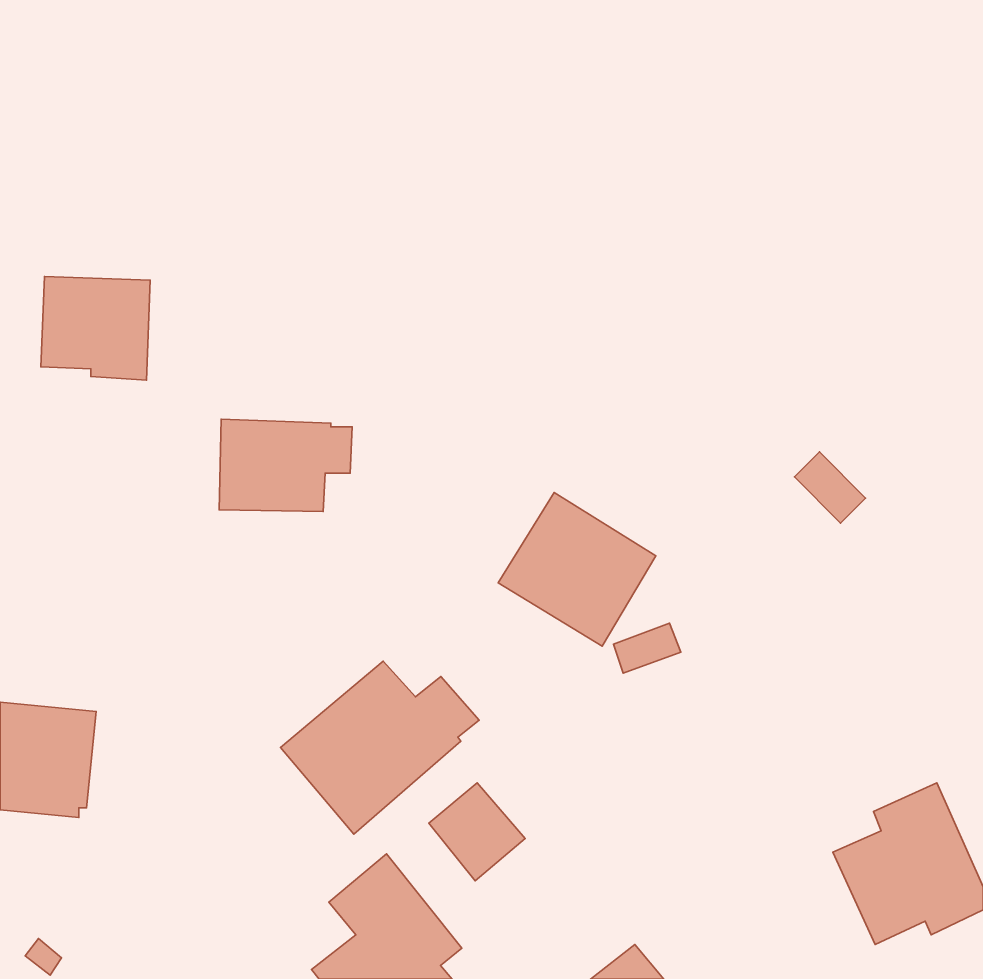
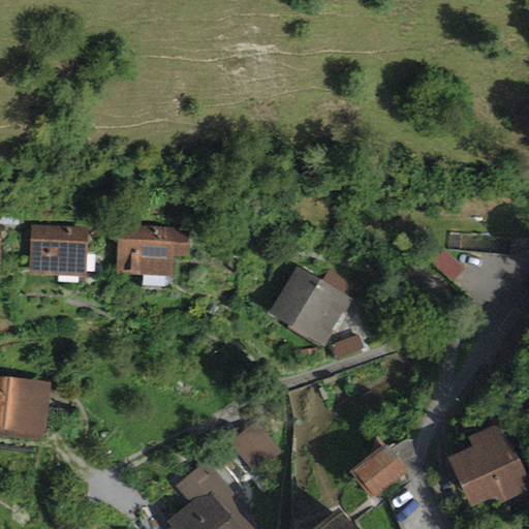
building: [41,276,150,380] -> [30,224,89,280]
building: [281,661,479,834] -> none
building: none -> [351,444,409,499]

